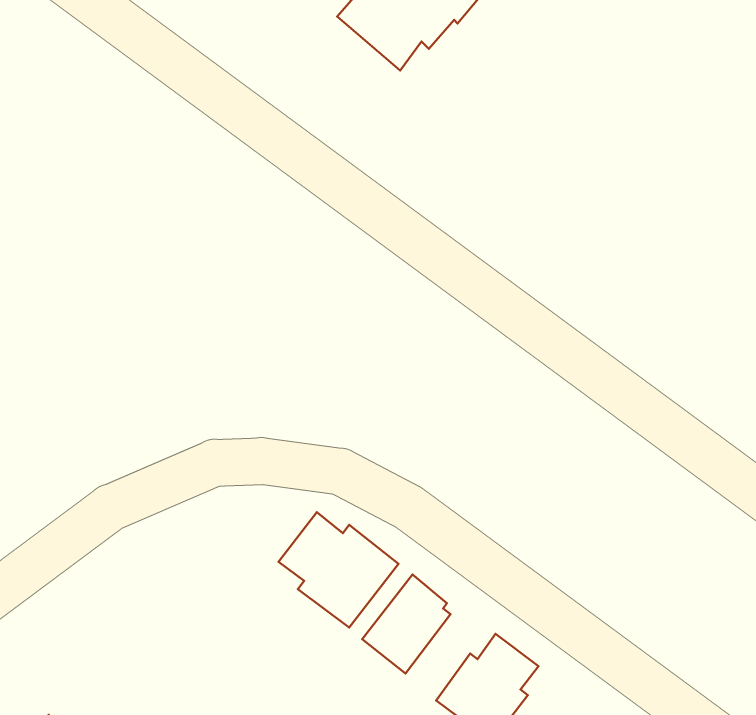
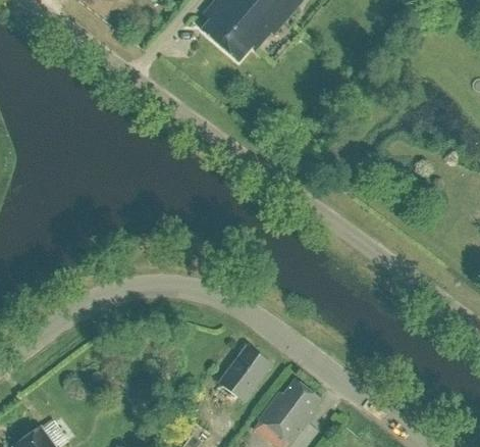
building: [279,512,399,628] -> none

